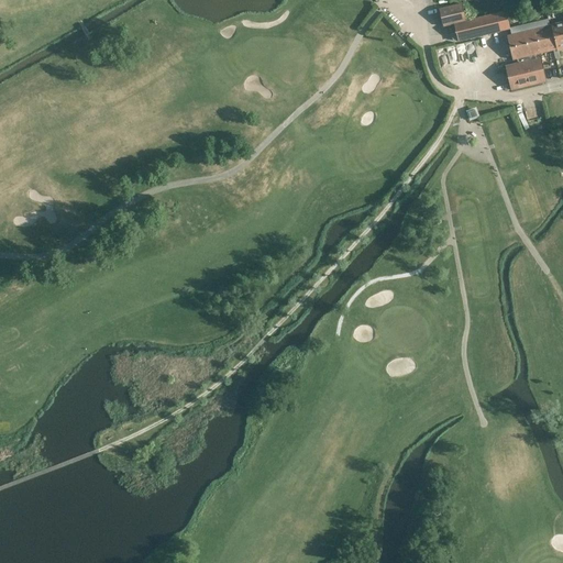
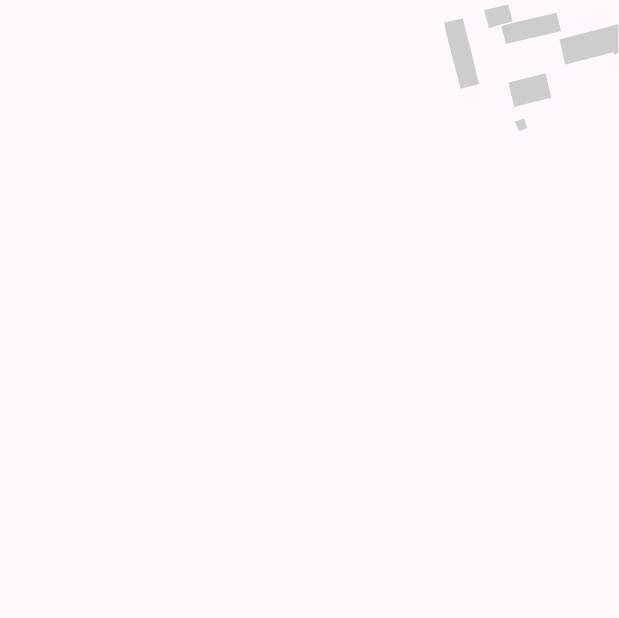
building: none -> [443,18,480,90]
building: [506,57,547,89] -> [507,73,552,108]

